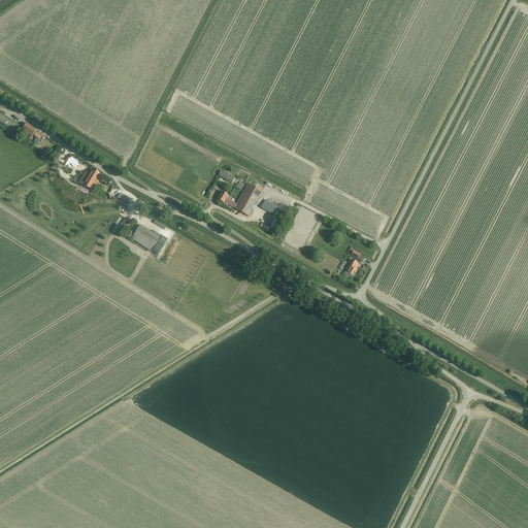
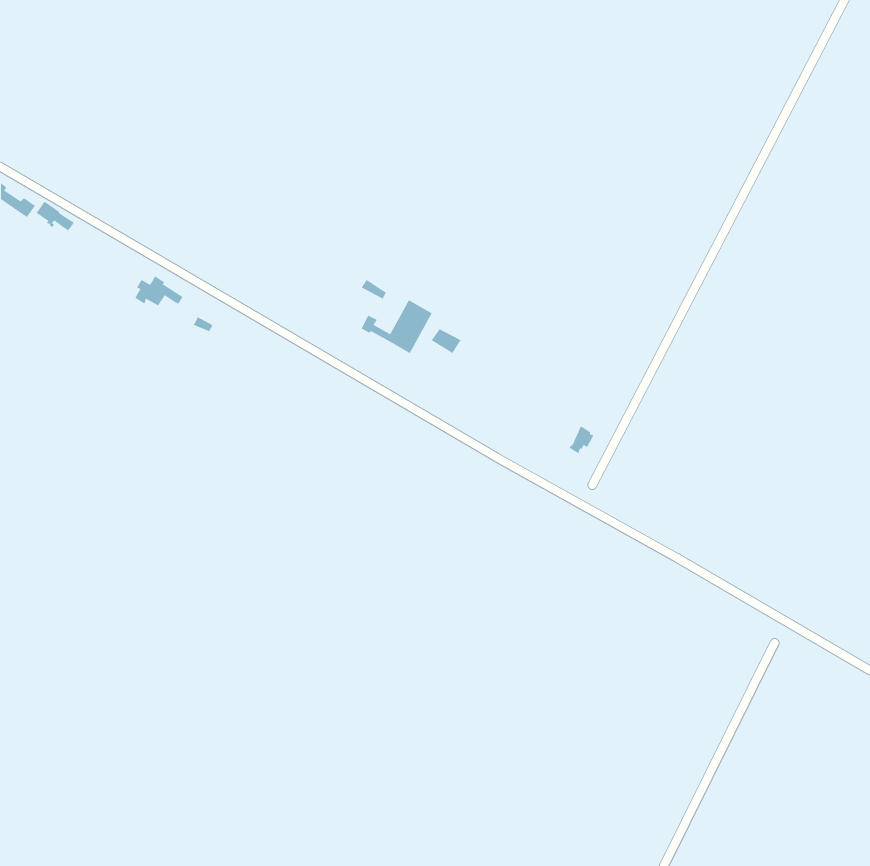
building: [131,224,160,251] -> none

